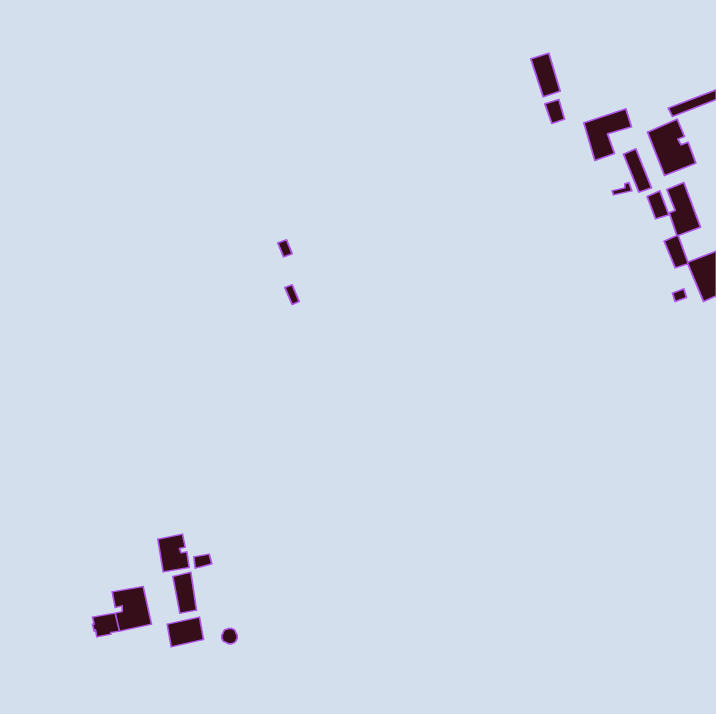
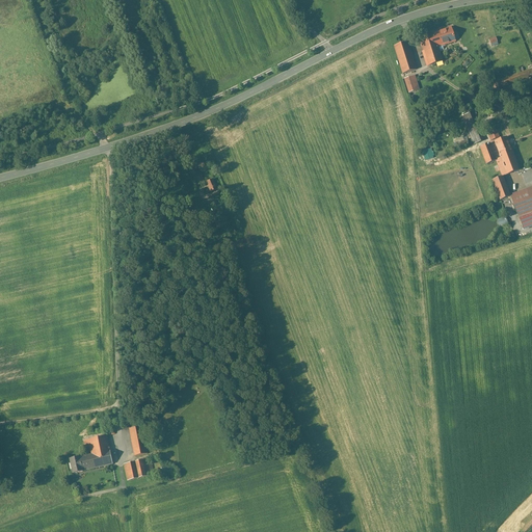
building: [584,109,631,161] -> [419,26,454,64]
building: [648,119,696,175] -> none
building: [158,534,189,572] -> none

